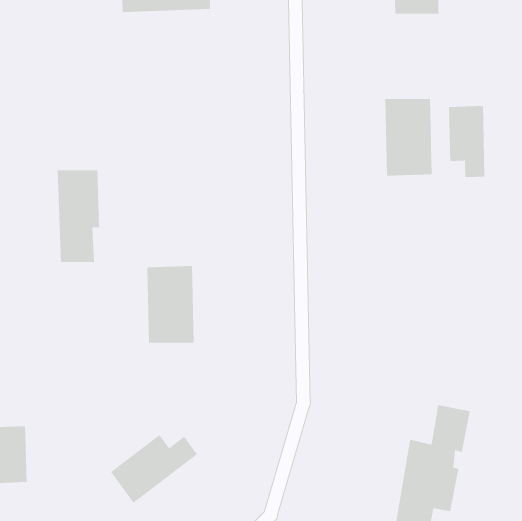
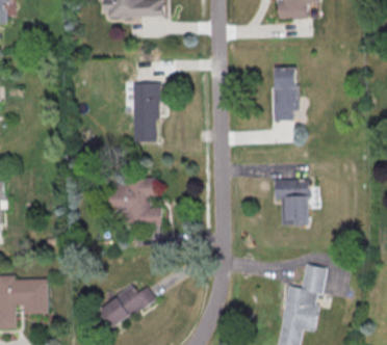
building: [449,105,485,178] -> none
building: [57,170,100,263] -> [132,83,159,141]
building: none -> [276,180,310,225]

